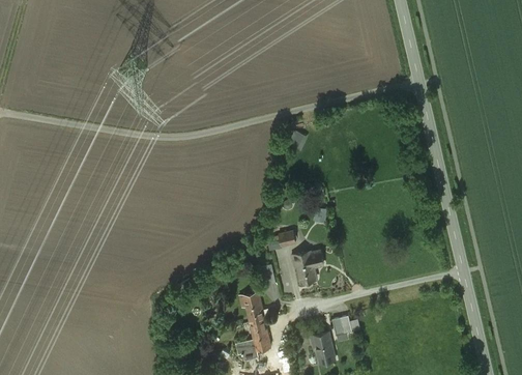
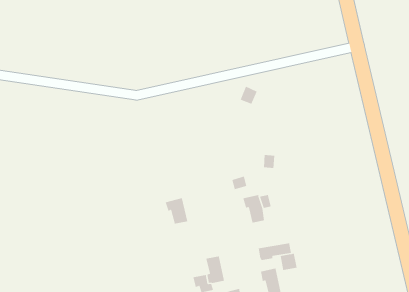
building: [239,292,265,322] -> [165,197,188,224]
building: none -> [258,243,292,261]

